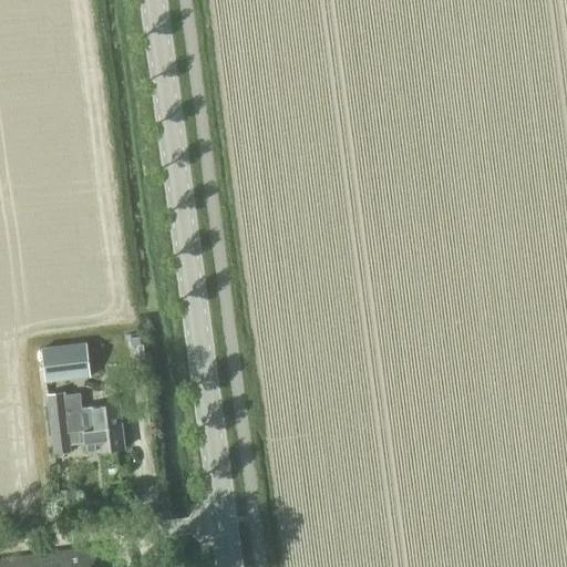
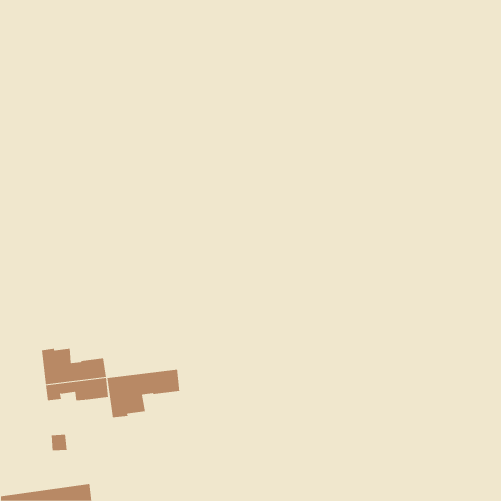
building: [41,343,90,381] -> none
building: none -> [107,369,180,418]

